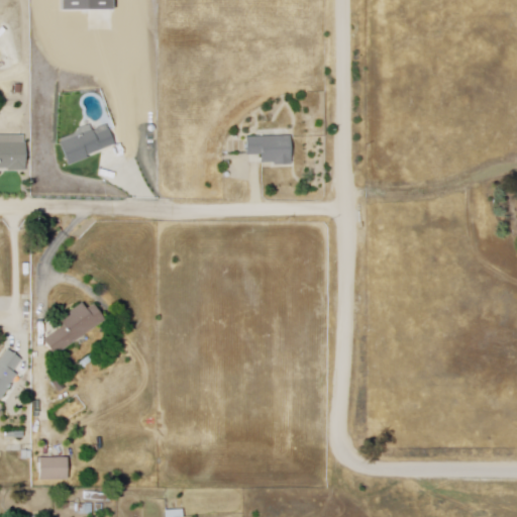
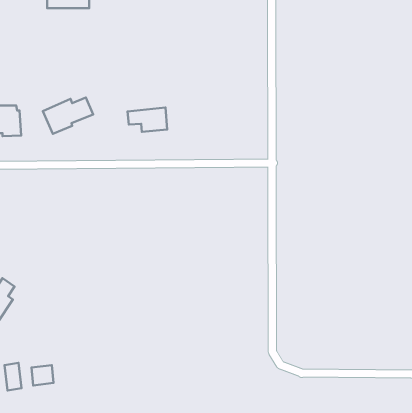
building: [244,132,294,163] -> [127,108,167,132]
building: [46,299,107,353] -> none
building: none -> [5,363,21,391]

